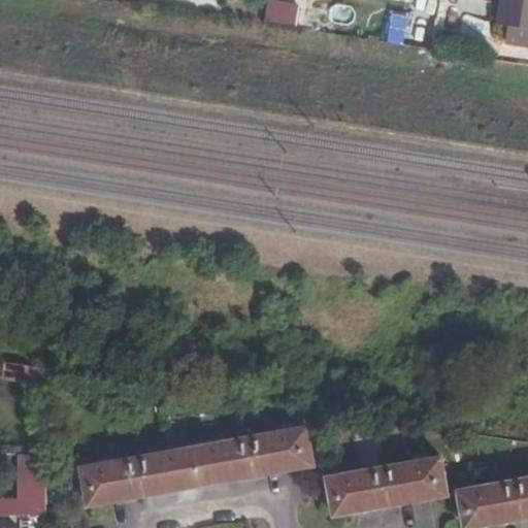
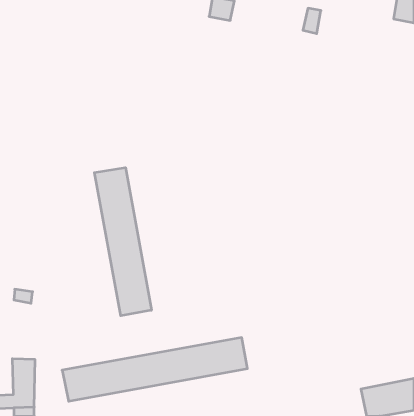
building: none -> [94,168,151,316]
building: [326,457,446,516] -> none

